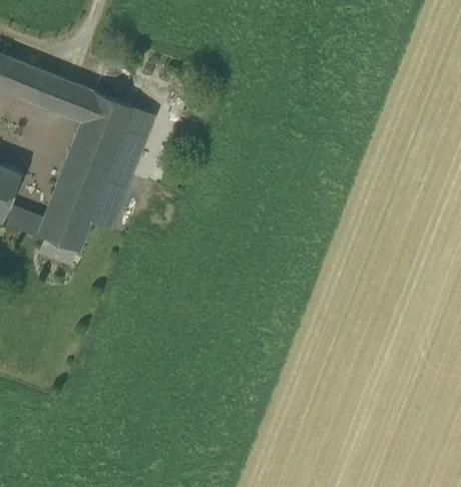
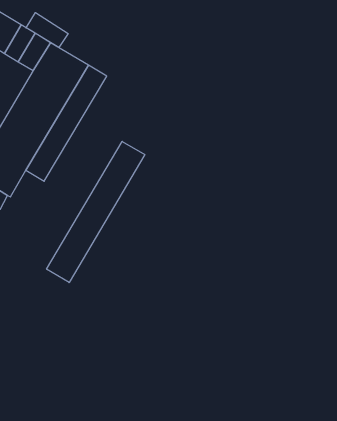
building: none -> [26,13,68,47]
building: none -> [47,141,145,283]

